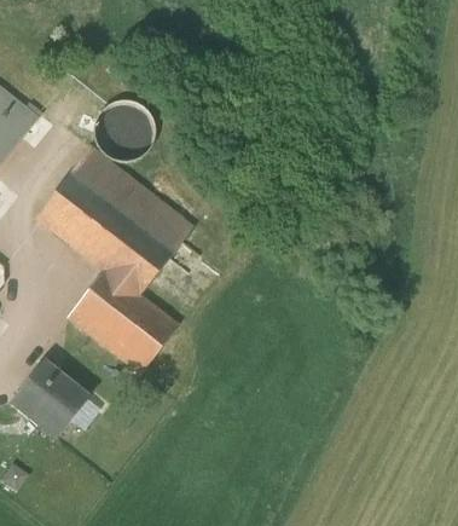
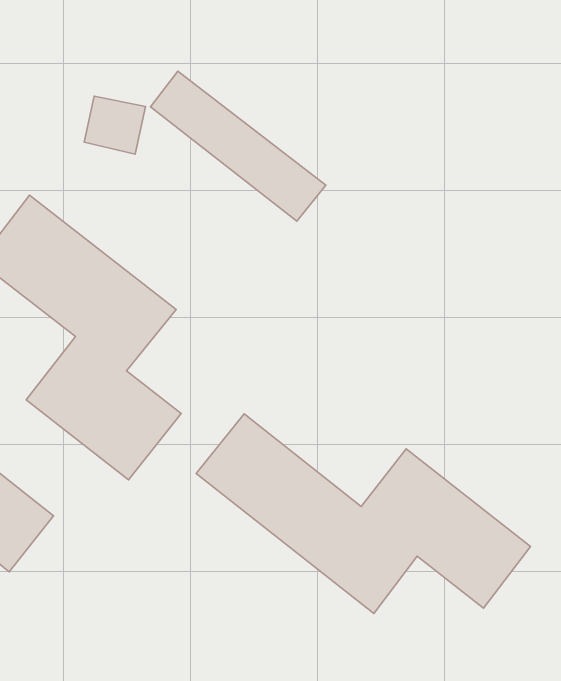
building: [69,145,193,252] -> [150,71,326,221]
building: none -> [196,414,531,614]

